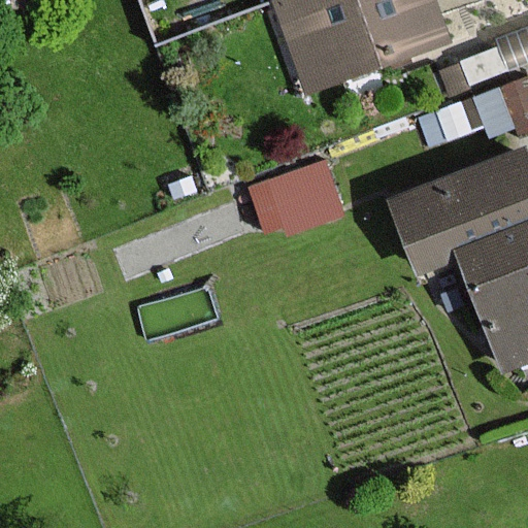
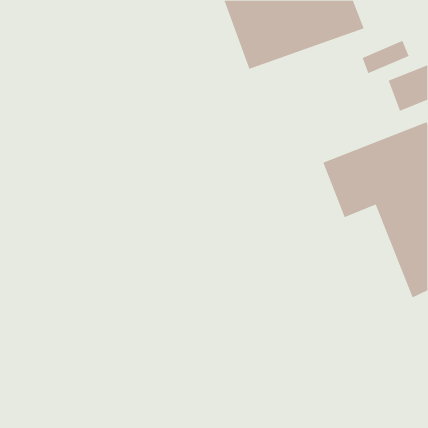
building: [256,163,340,229] -> none

